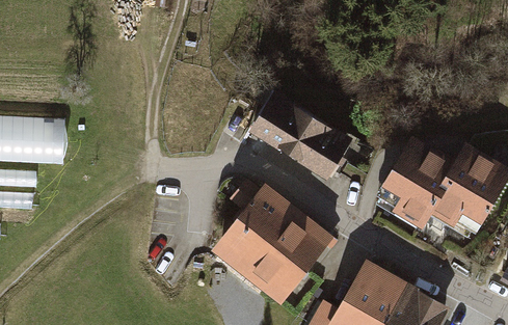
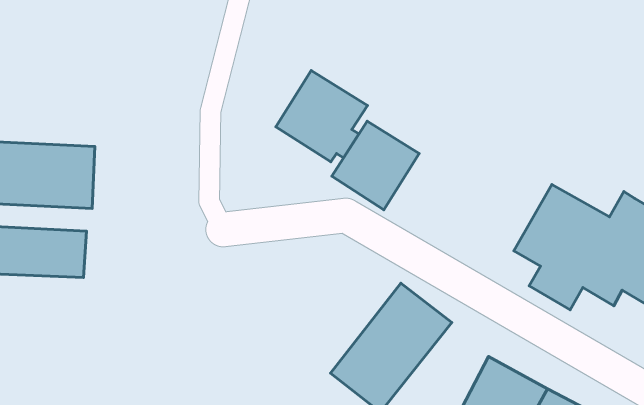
building: [285,116,352,184] -> [276,70,367,162]
building: [210,180,297,278] -> none

